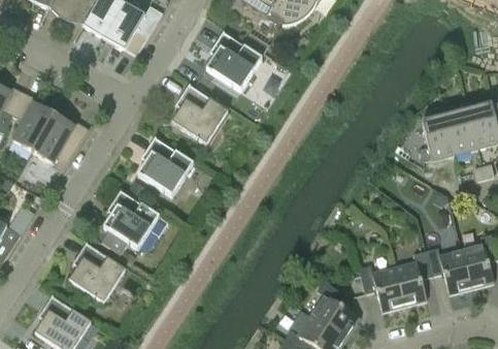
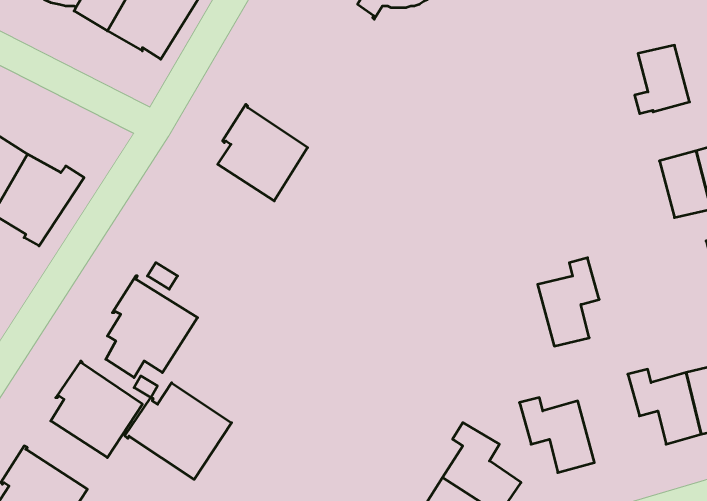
building: [205,30,262,90] -> none
building: [420,118,454,160] -> [635,45,690,114]
building: [137,136,193,195] -> none
building: [394,250,432,305] -> [538,258,599,346]
building: none -> [125,383,232,479]

